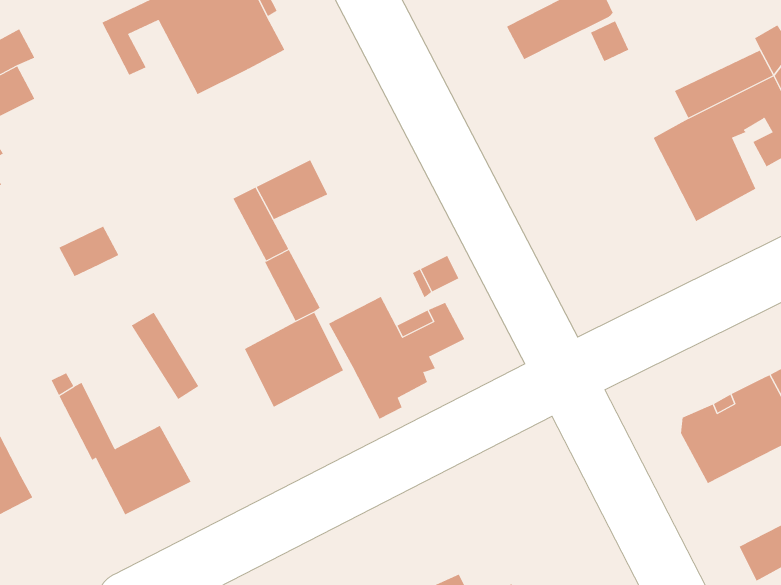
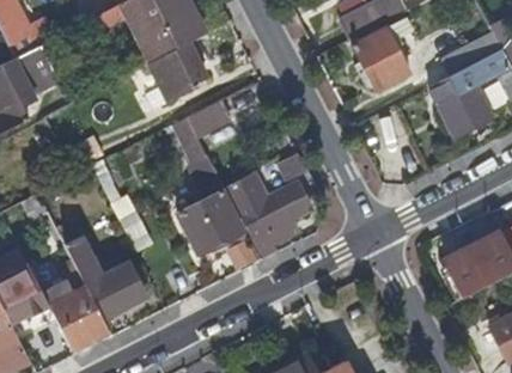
building: none -> [352,26,409,90]
building: none -> [142,44,200,103]
building: none -> [43,280,110,349]

